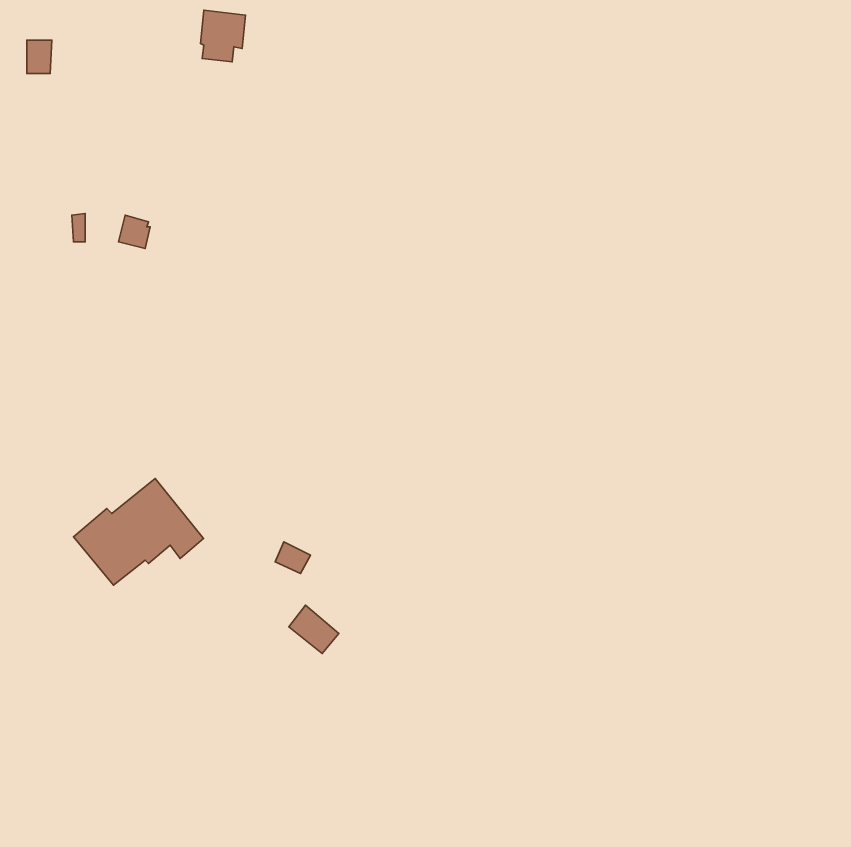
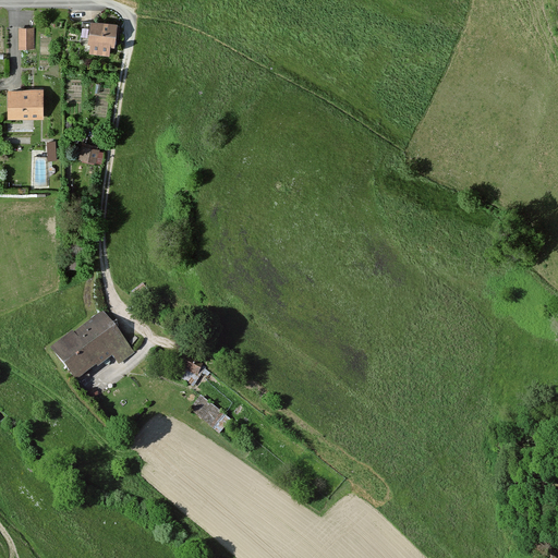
building: [201,10,246,62] -> [87,21,117,54]
building: none -> [7,87,43,117]

